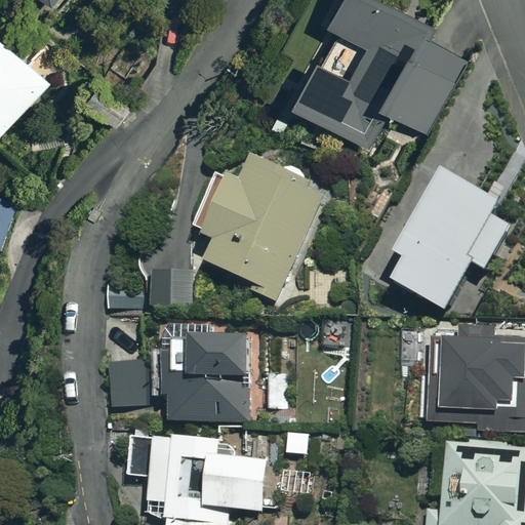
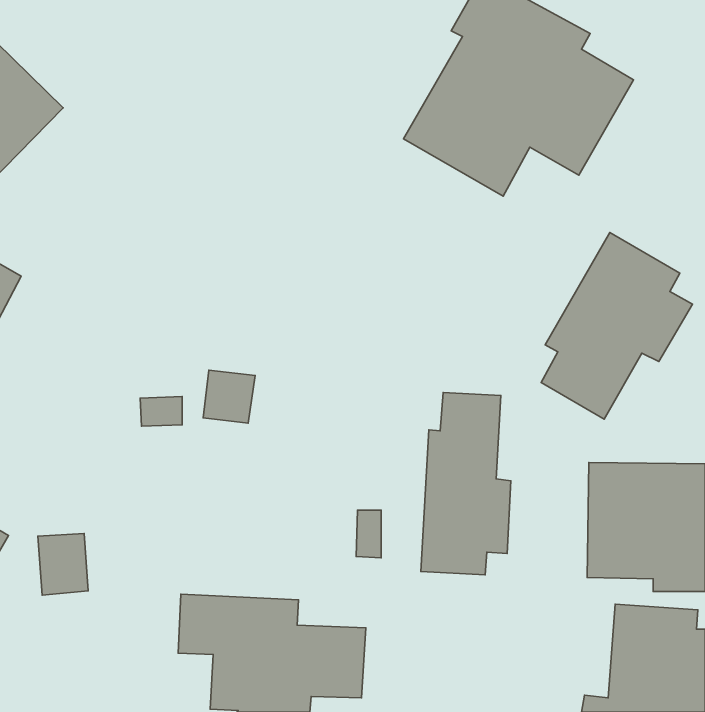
building: [198,161,325,293] -> none
building: none -> [421,392,511,575]
building: [158,324,253,426] -> none
building: [107,361,144,406] -> [38,533,88,595]

